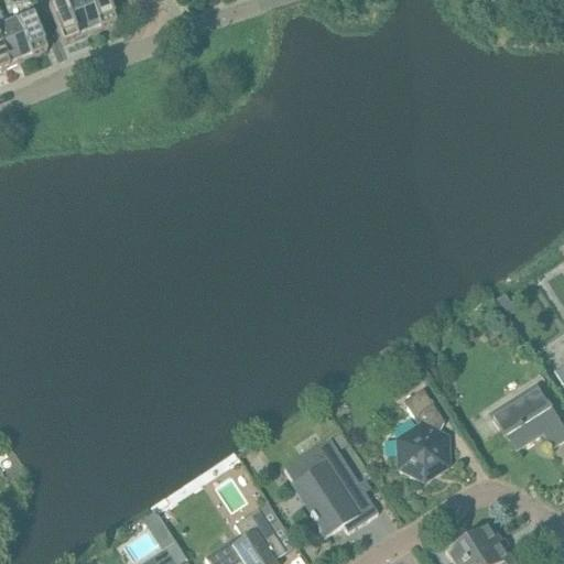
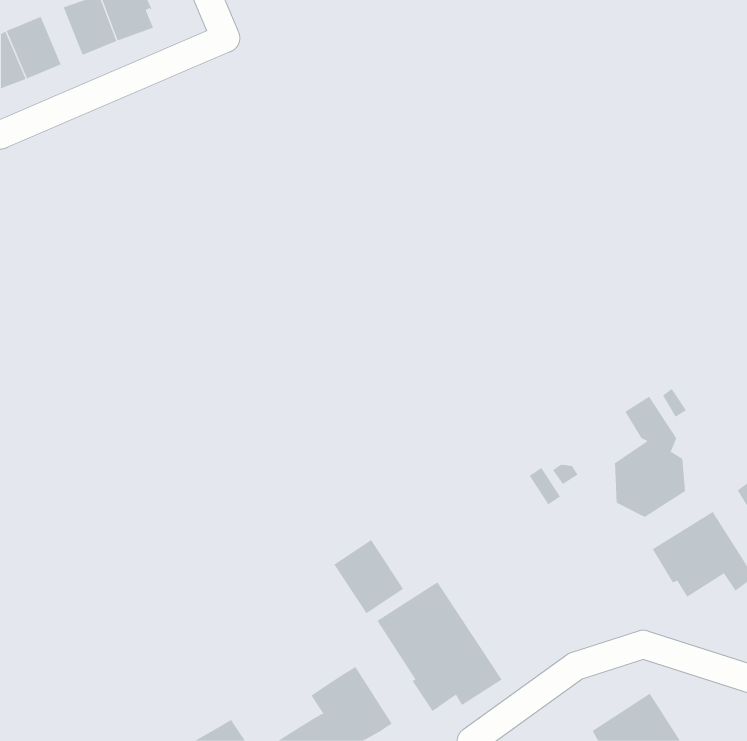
building: [397,387,451,478] -> [614,396,686,517]
building: none -> [333,539,404,614]

